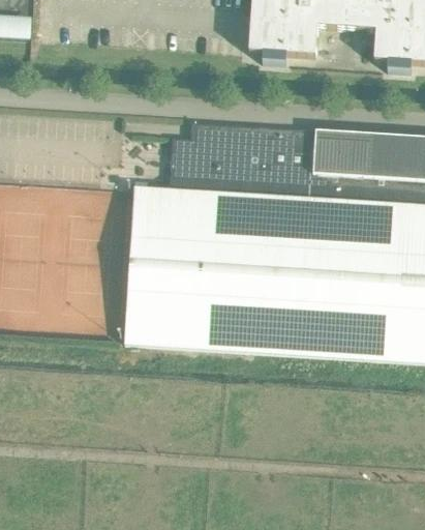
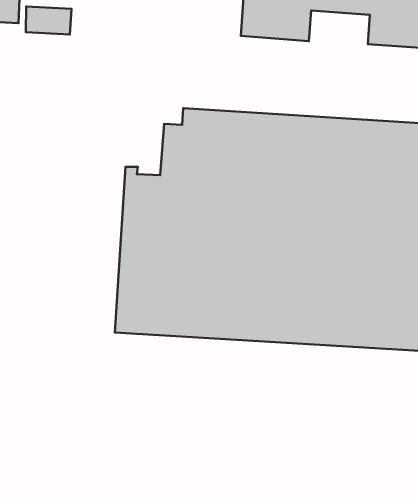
building: none -> [26,6,72,34]

